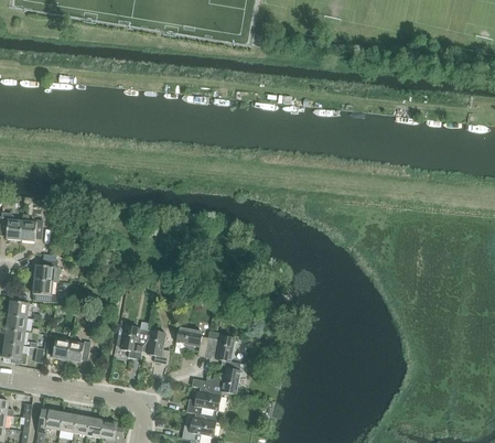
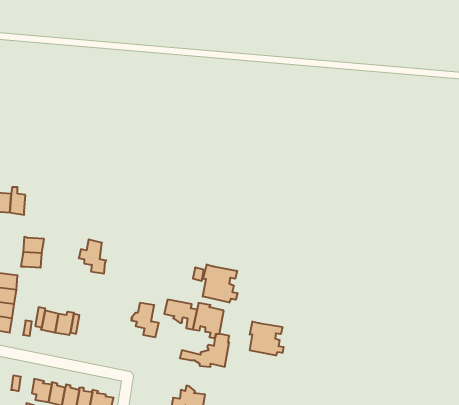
building: none -> [203,264,237,303]
building: [115,325,142,359] -> [79,239,106,274]
building: none -> [250,321,284,356]
building: [185,388,222,423] -> none

